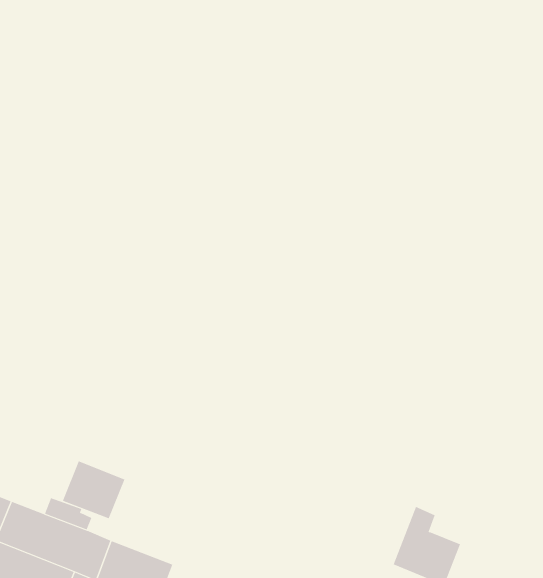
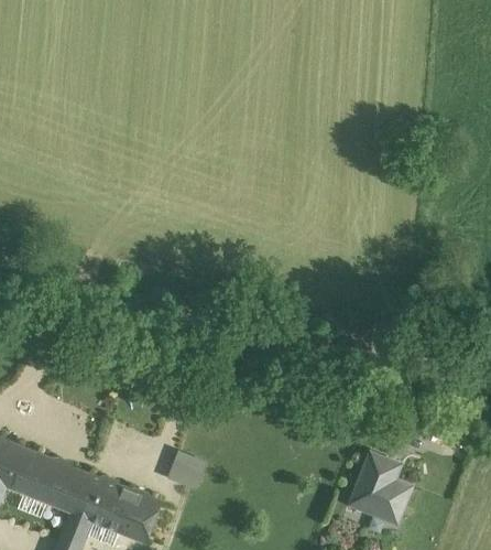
building: [62,461,125,520] -> none
building: none -> [165,449,206,489]

